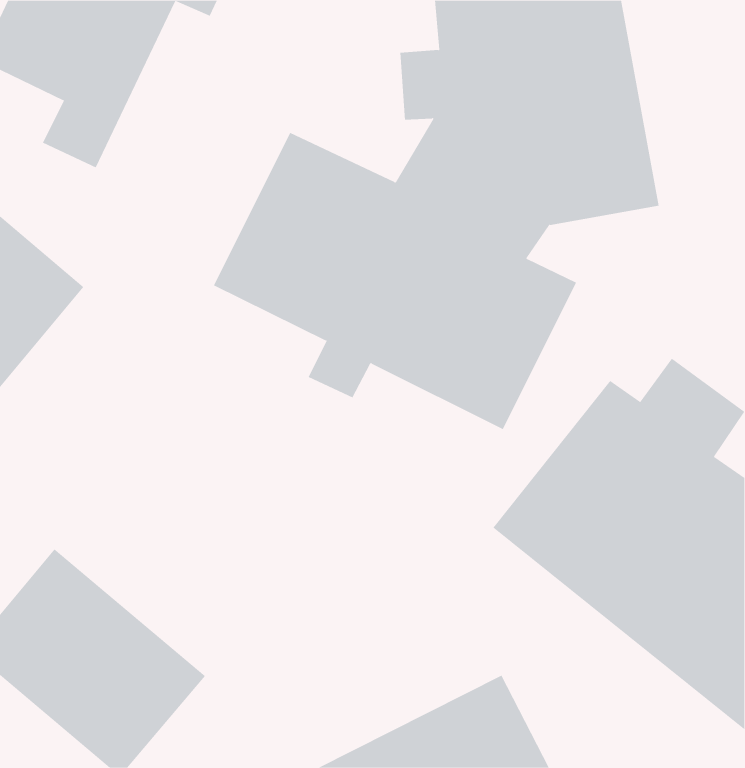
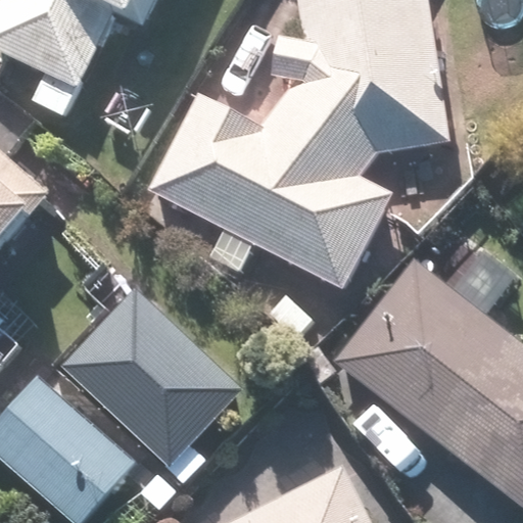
building: none -> [61,286,244,468]

